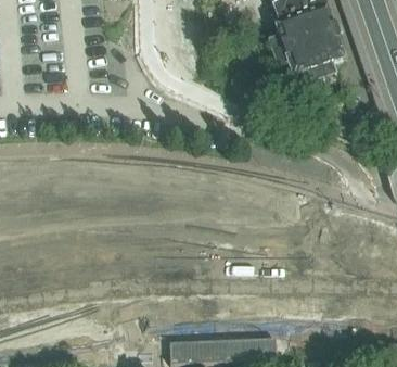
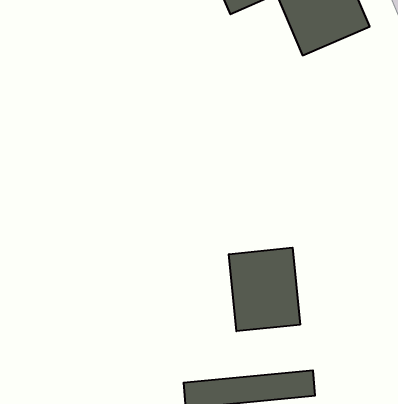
building: none -> [229,248,300,331]

